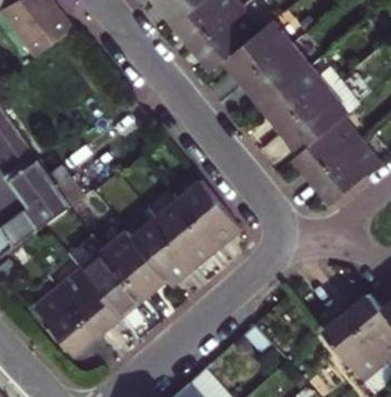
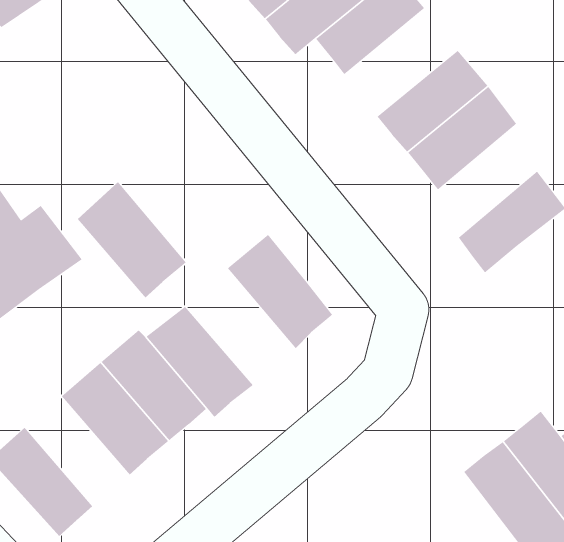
building: [246,41,315,107] -> none
building: [295,117,363,181] -> none
building: [149,200,216,271] -> [77,181,187,299]
building: [51,278,115,345] -> none

